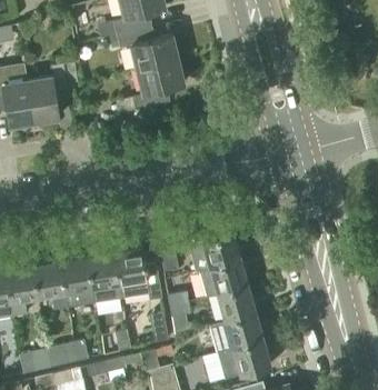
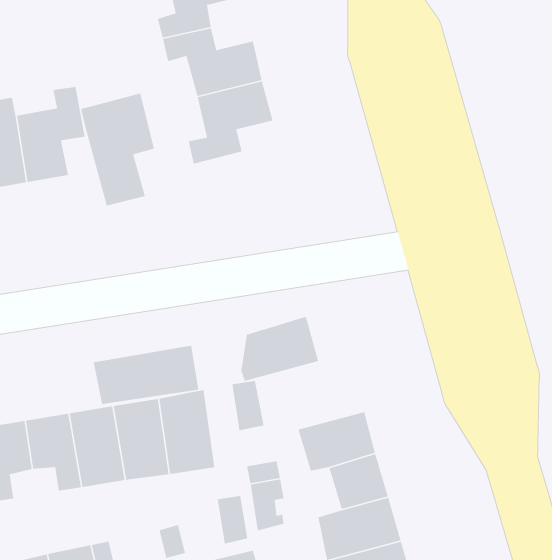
building: none -> [80,93,155,207]
building: none -> [93,345,199,405]
building: [192,233,240,273] -> [241,316,319,382]

